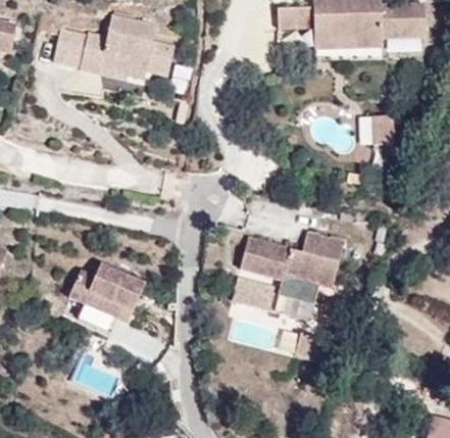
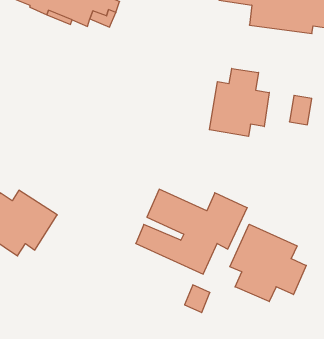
building: none -> [209,68,269,136]
building: none -> [230,224,306,302]

